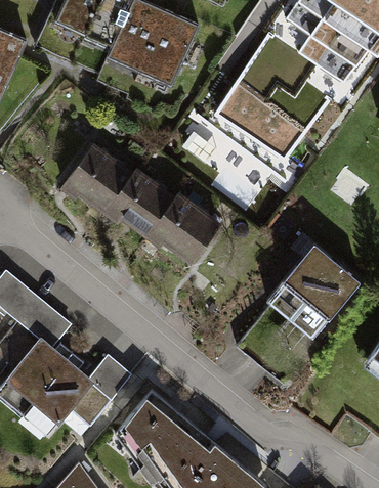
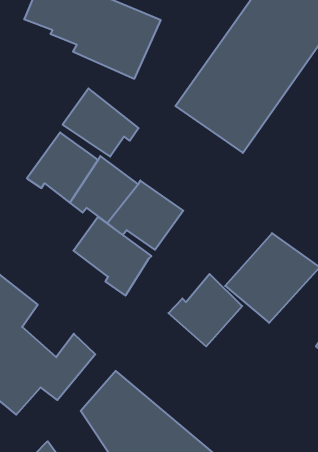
building: none -> [63,88,139,157]
building: none -> [73,217,151,296]
building: none -> [168,274,242,346]

